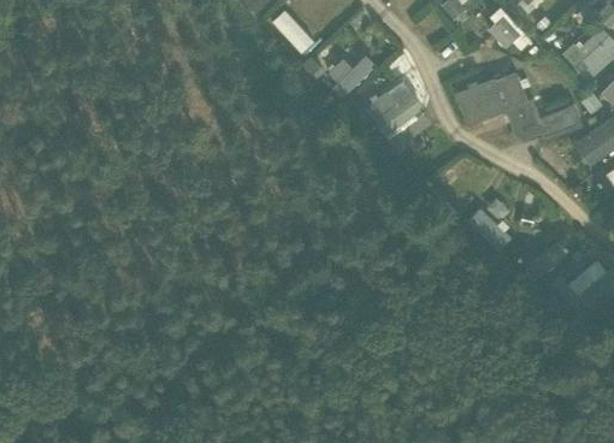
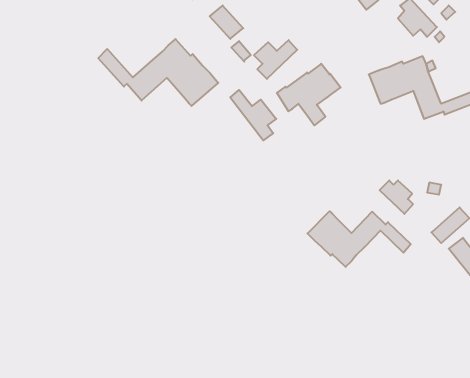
building: none -> [98,39,218,106]
building: none -> [230,90,276,140]
building: none -> [307,211,411,267]

